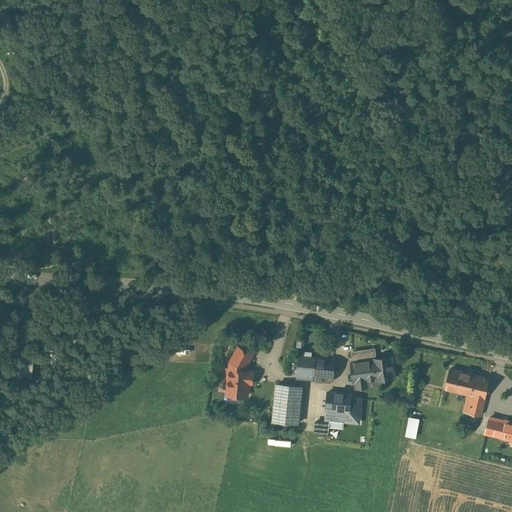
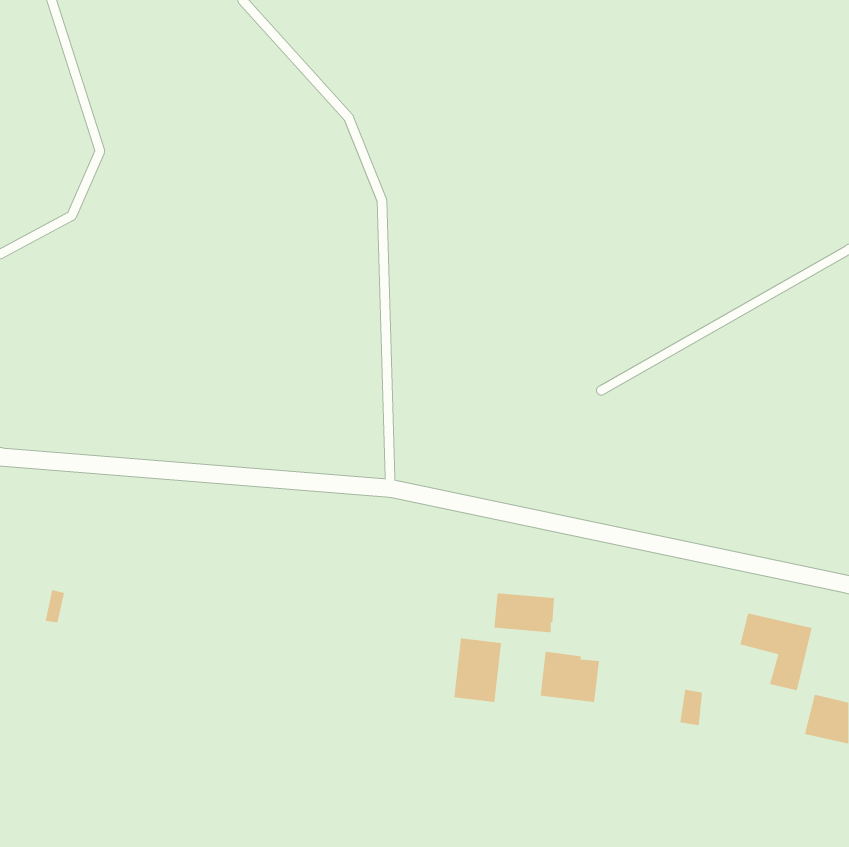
building: [227,348,253,397] -> none
building: [351,351,394,389] -> none

